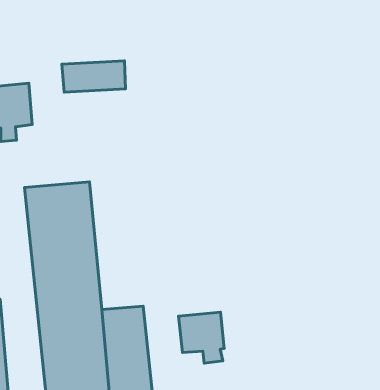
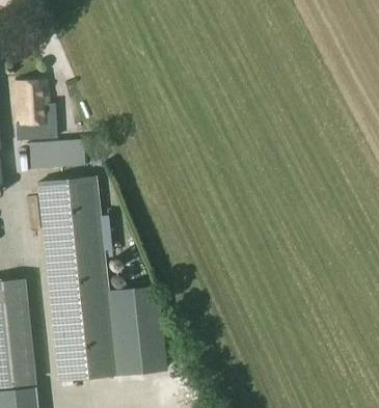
building: [62,61,126,92] -> [27,142,86,171]
building: [179,312,224,363] -> none

